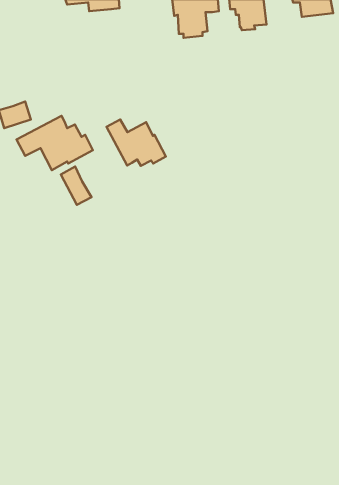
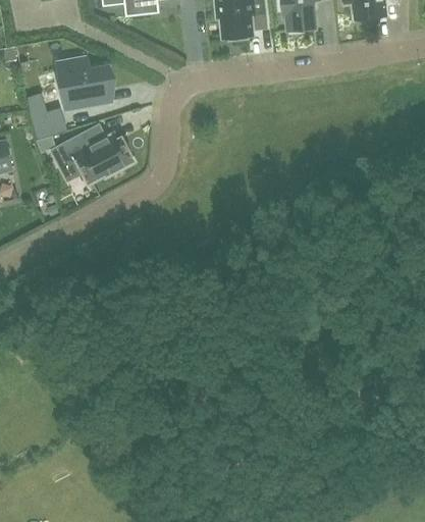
building: none -> [56,54,110,111]
building: [107,119,166,166] -> none
building: [61,167,91,205] -> none

